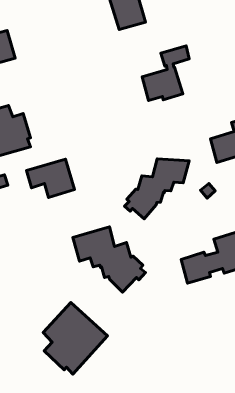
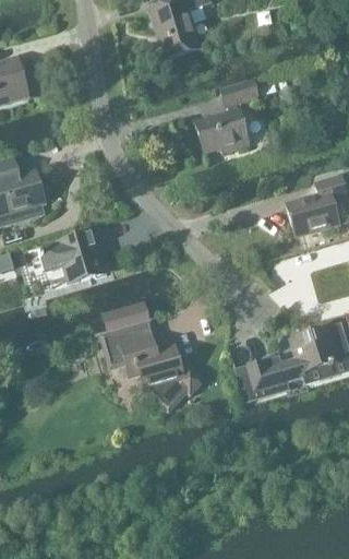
building: [125,159,189,219] -> none
building: none -> [101,299,149,331]
building: [43,303,108,374] -> none

